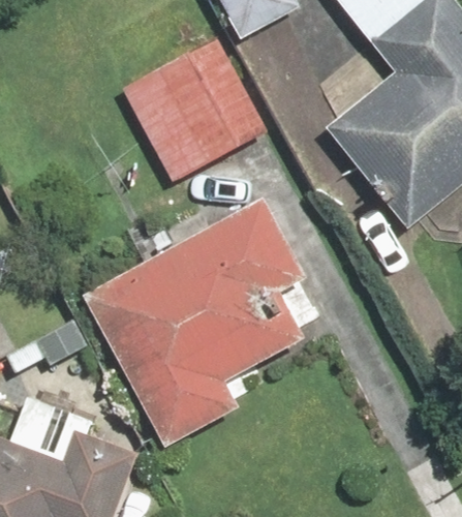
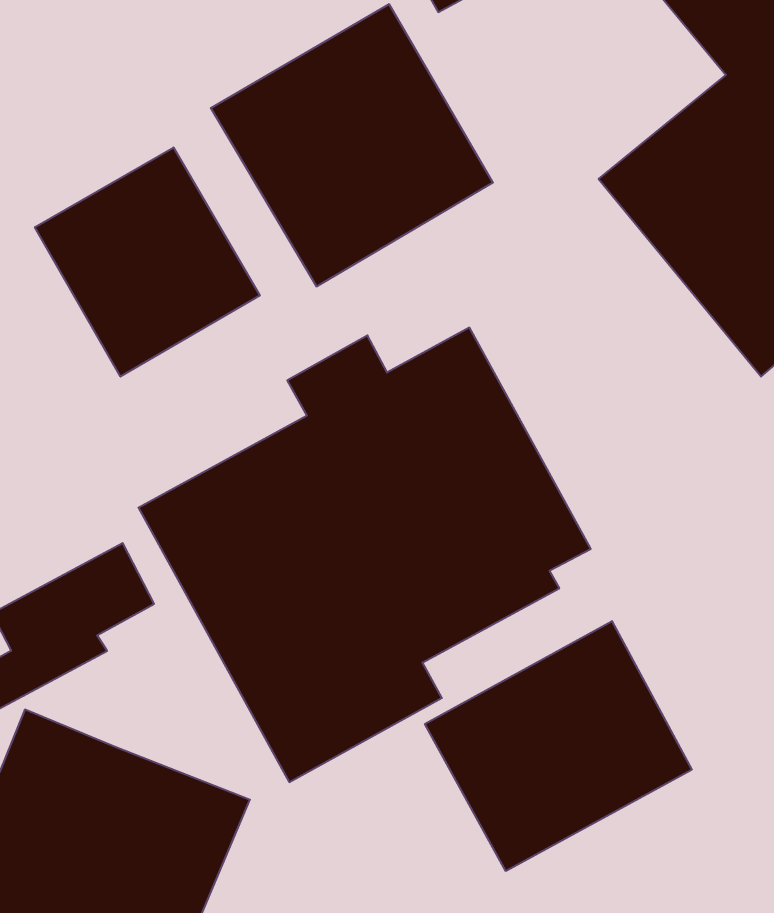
building: none -> [35,147,260,377]
building: none -> [425,621,692,871]

